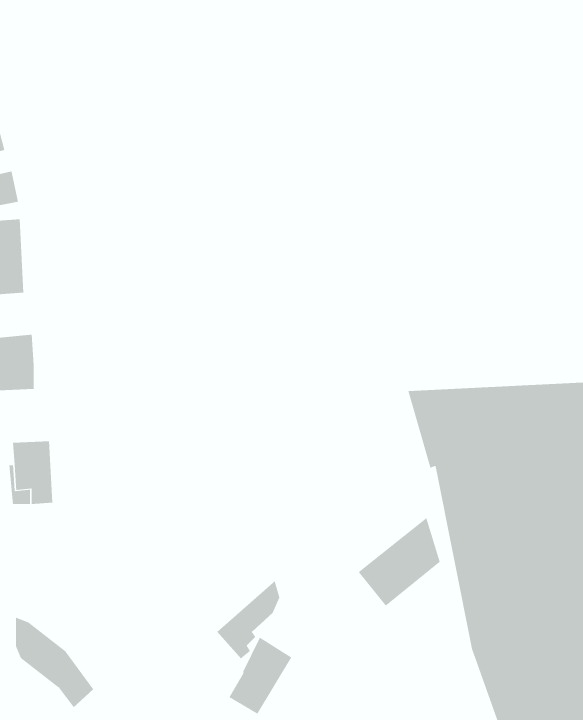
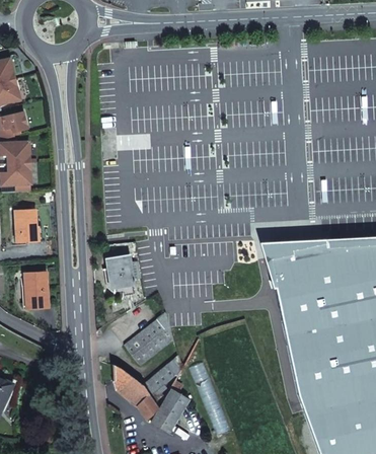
building: none -> [106,254,141,295]
building: [358,517,440,606] -> [126,312,174,365]
building: [15,617,94,708] -> [112,364,159,418]

